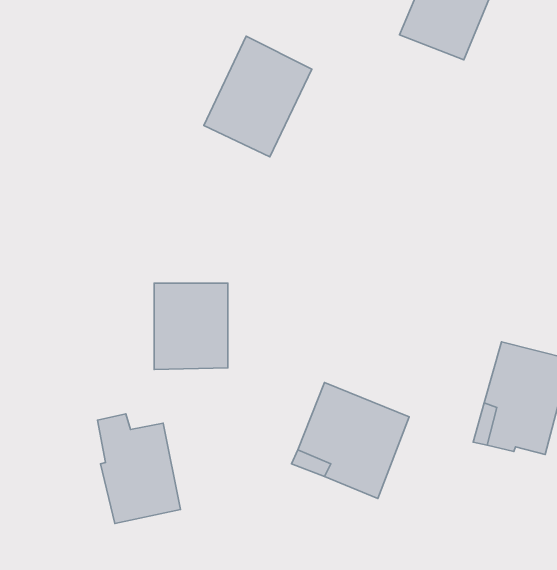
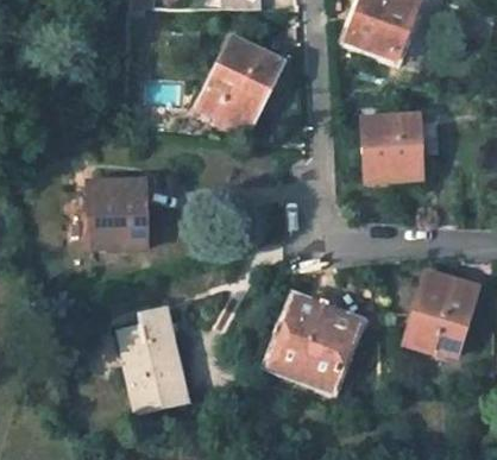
building: none -> [369,114,423,179]
building: [154,283,228,369] -> [89,179,145,245]

